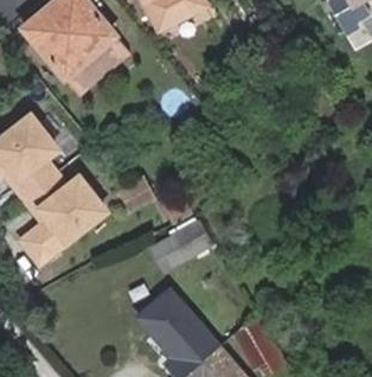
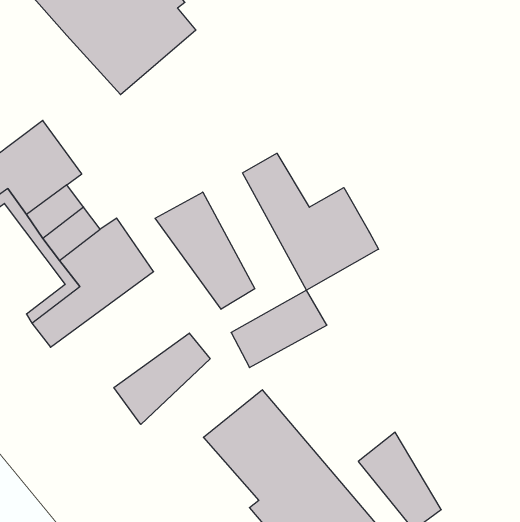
building: none -> [243,153,379,290]
building: none -> [155,192,255,309]
building: none -> [114,333,210,424]

